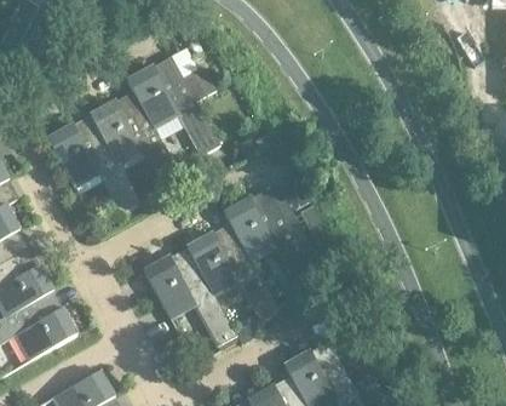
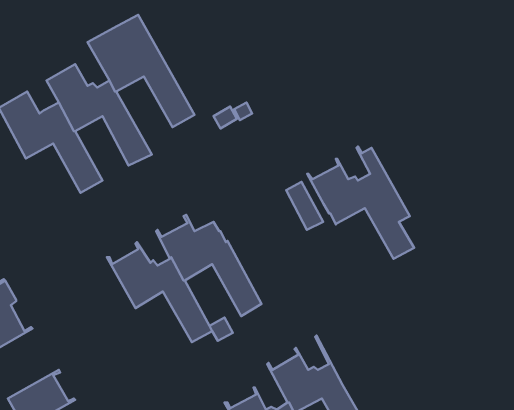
building: [222,185,316,285] -> [307,146,414,259]

